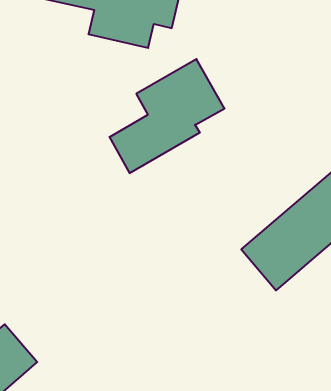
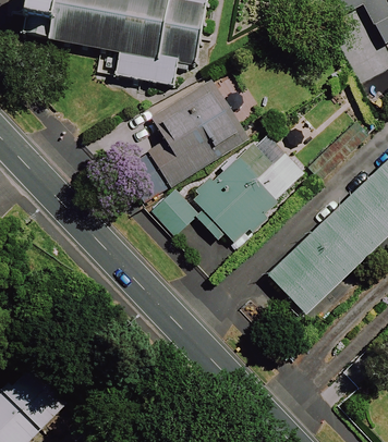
building: none -> [154,144,306,244]

